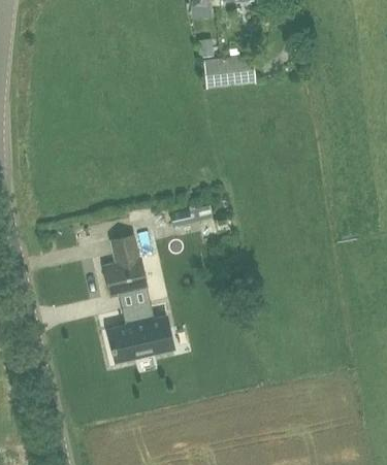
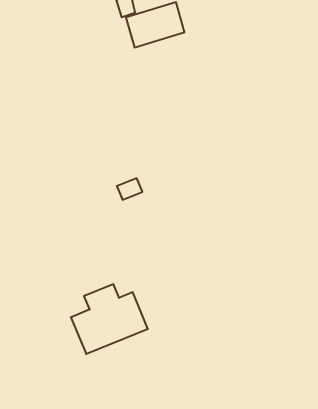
building: [102,231,157,294] -> none

